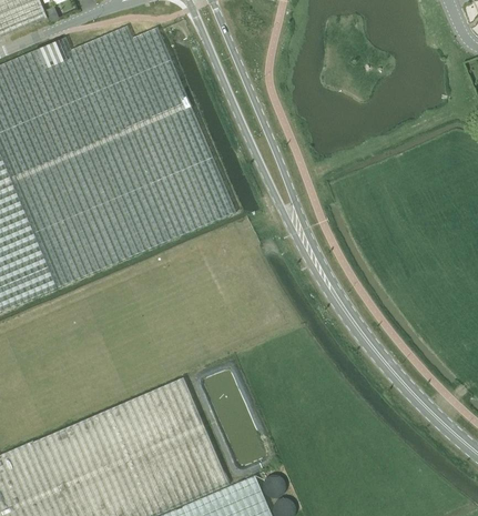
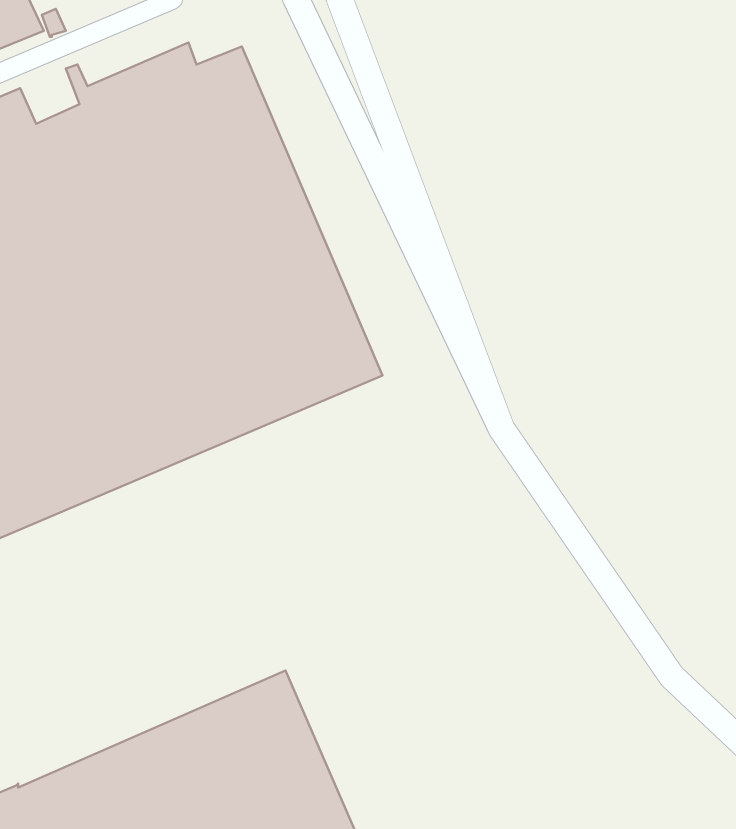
building: [32,40,65,71] -> none

